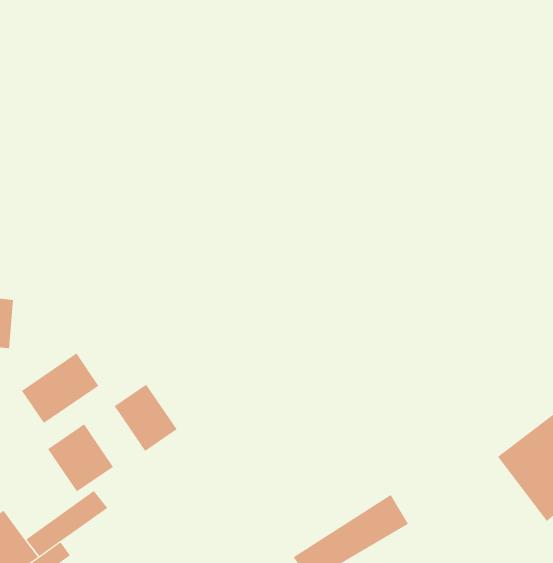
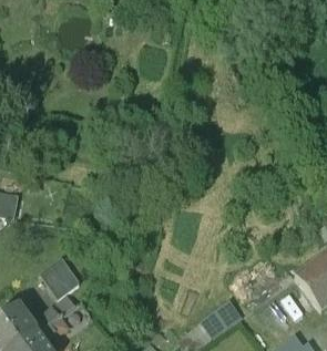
building: [21,353,99,424] -> none
building: [114,384,178,452] -> none

